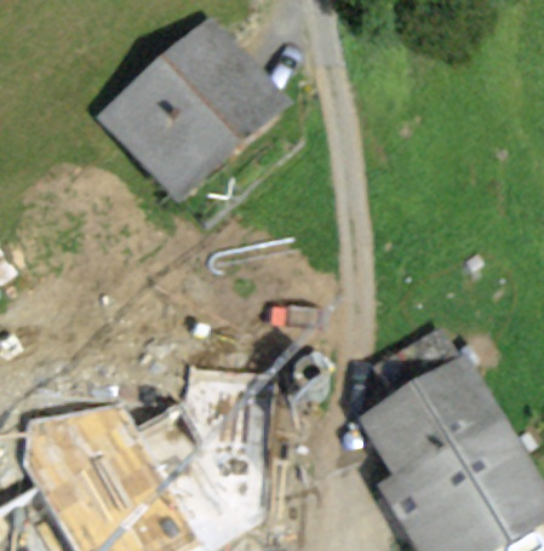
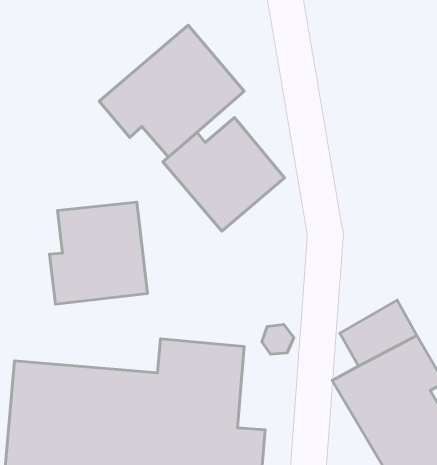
building: none -> [163,118,284,231]
building: none -> [49,202,148,304]

